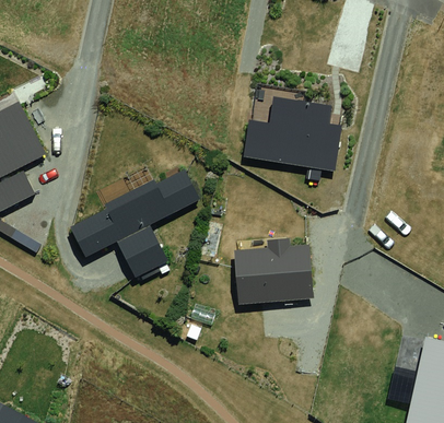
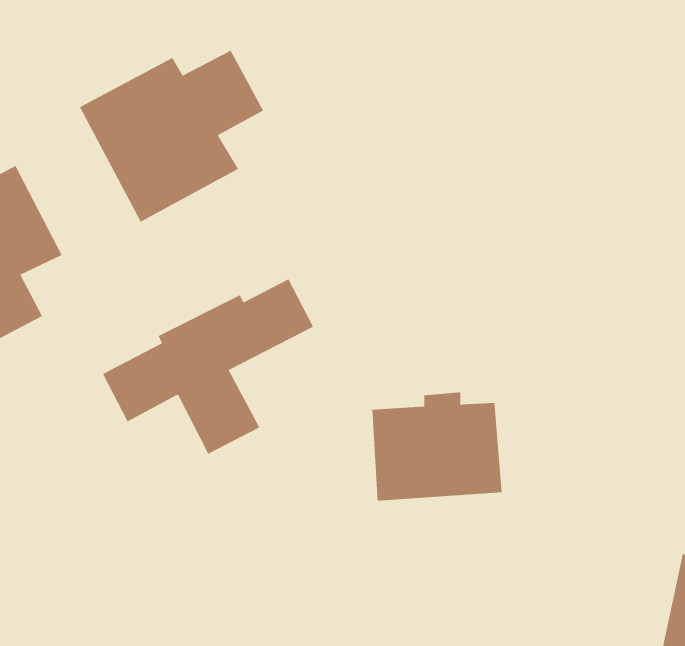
building: none -> [79,50,264,222]
building: [243,96,340,171] -> none

